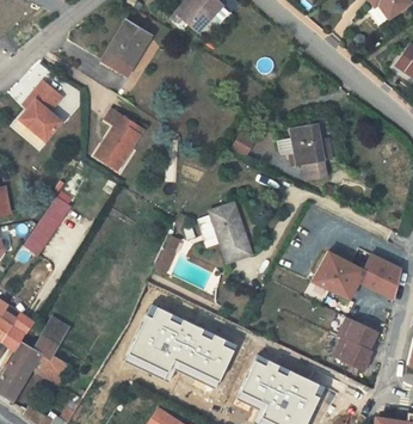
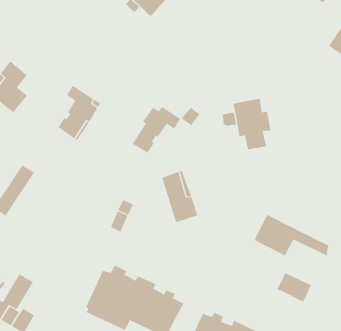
building: [101,21,150,75] -> none
building: none -> [132,106,181,154]
building: [363,254,401,287] -> none
building: [333,337,370,370] -> none

